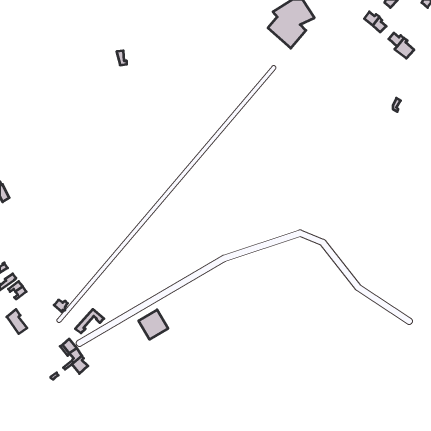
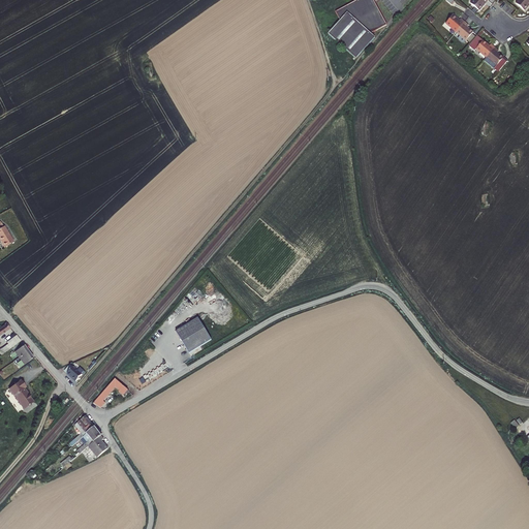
building: [139,310,168,339] -> [174,317,210,353]

